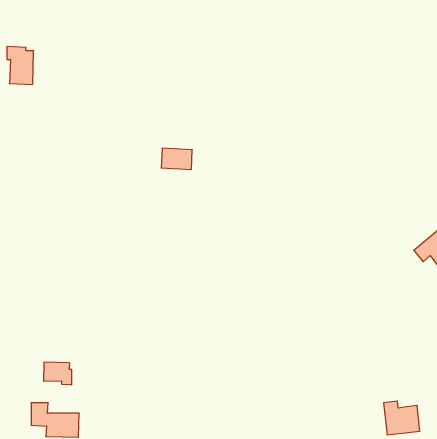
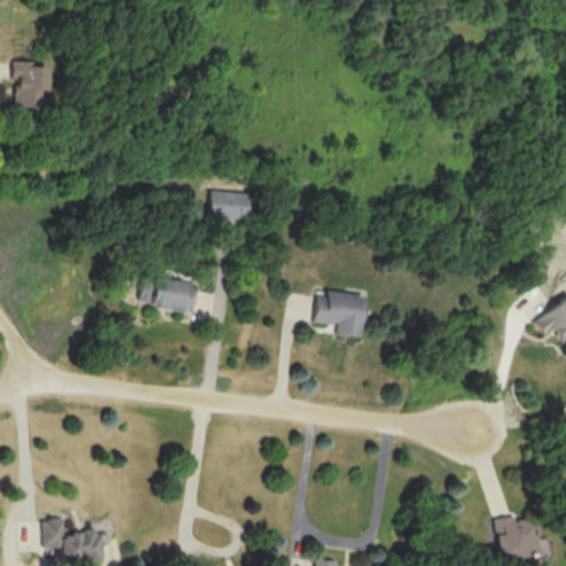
building: none -> [143,277,197,312]
building: none -> [315,292,367,336]
building: [44,362,72,385] -> none

